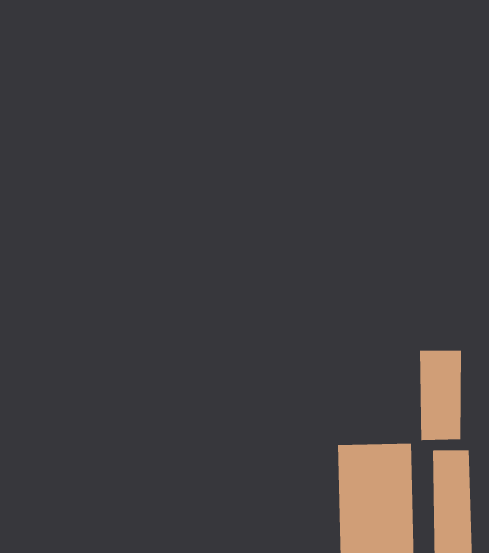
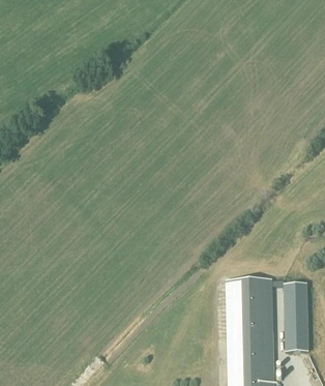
building: [419,350,461,441] -> none

